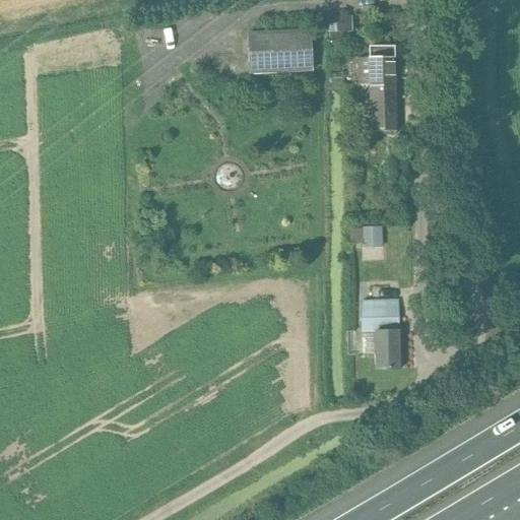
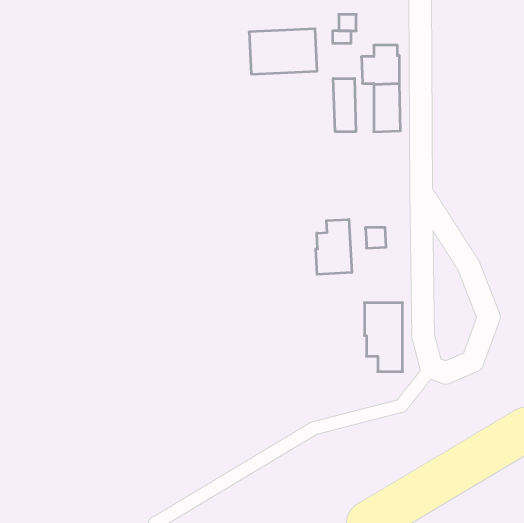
building: none -> [333,78,356,132]
building: none -> [316,219,352,274]

